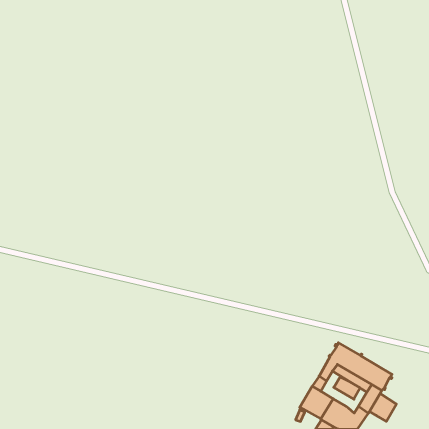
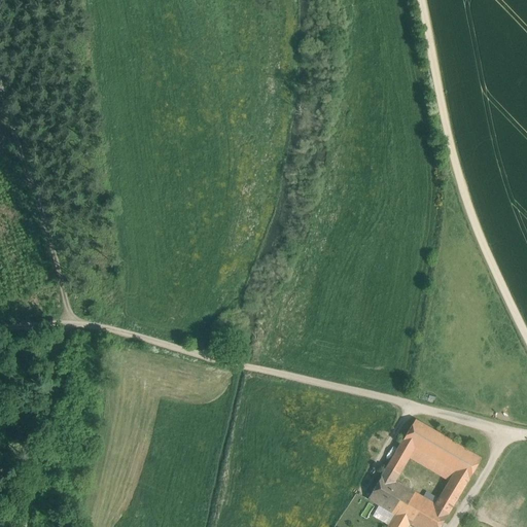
building: [334,377,360,399] -> none
building: [370,394,396,421] -> none

